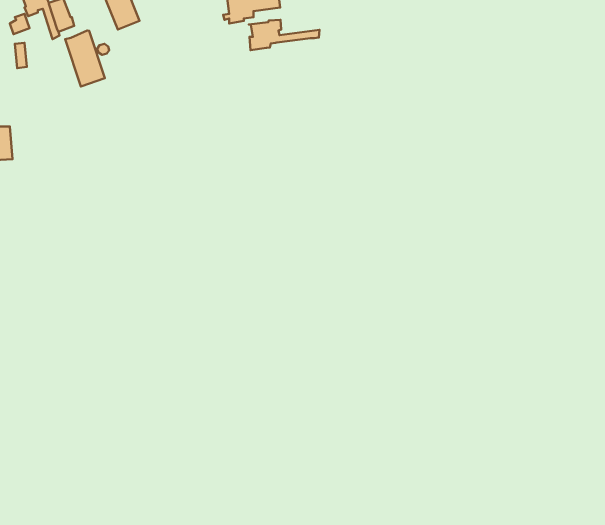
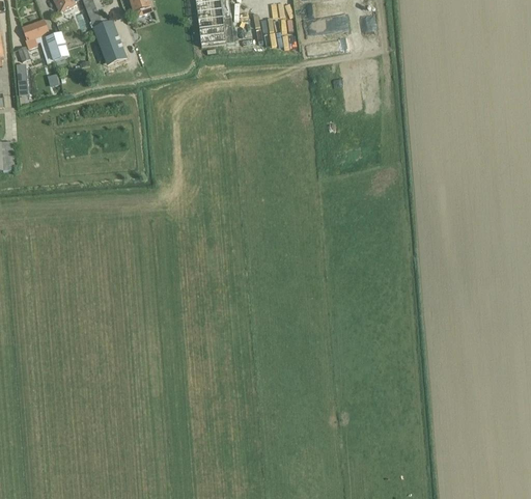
building: [249,20,319,50] -> none
building: [65,30,105,87] -> none

